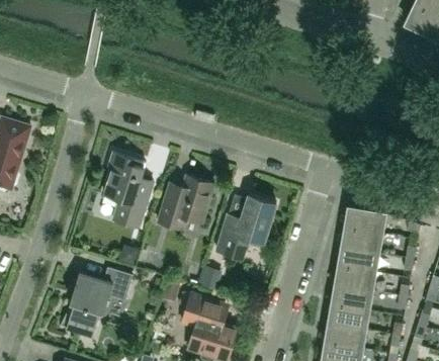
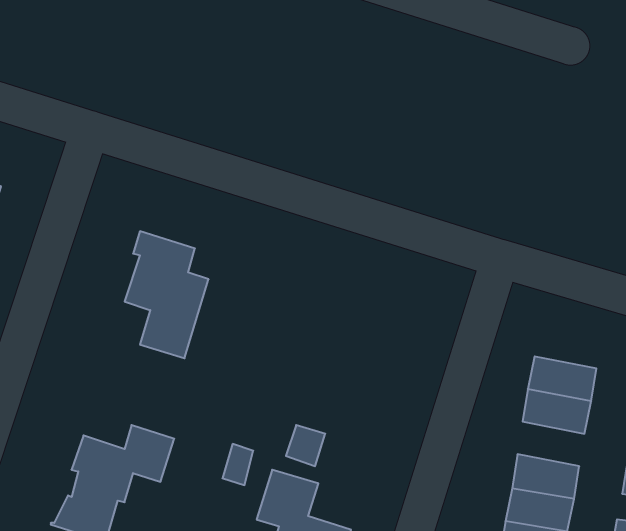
building: [157,175,213,230] -> none
building: [216,194,275,259] -> none
building: [345,207,384,234] -> none
building: [335,265,374,291] -> none

